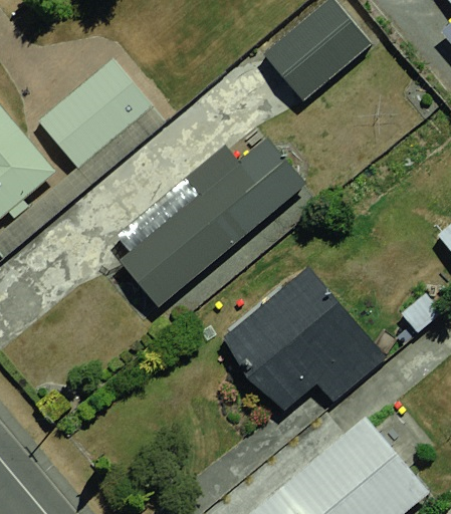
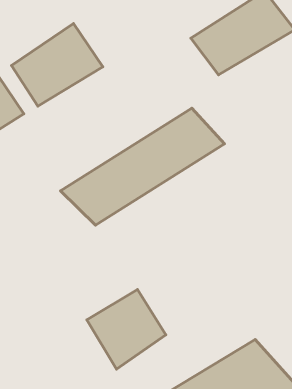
building: [221,265,379,422] -> none
building: none -> [87,290,166,369]

